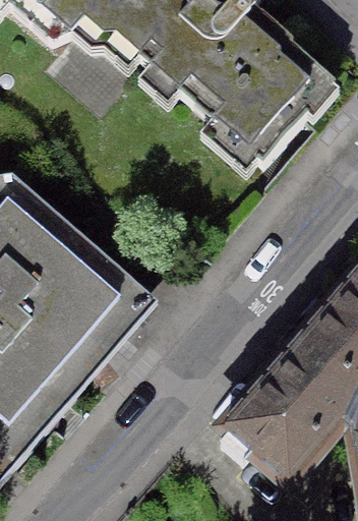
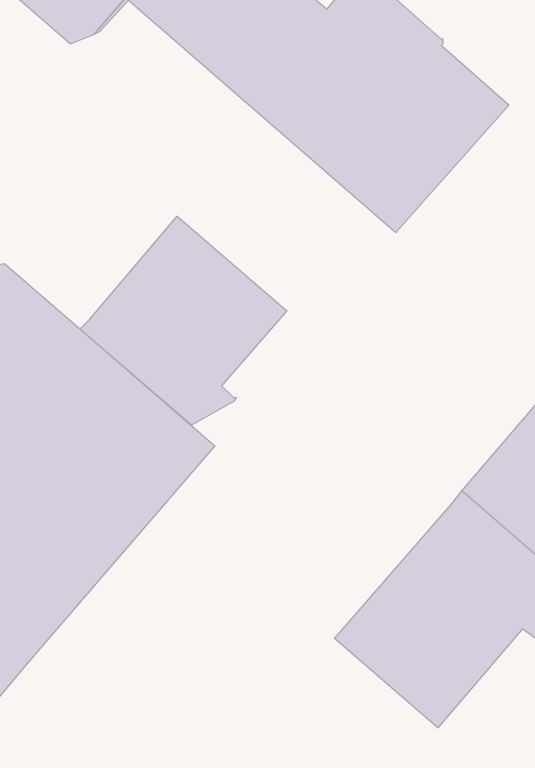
building: none -> [80,216,287,425]

